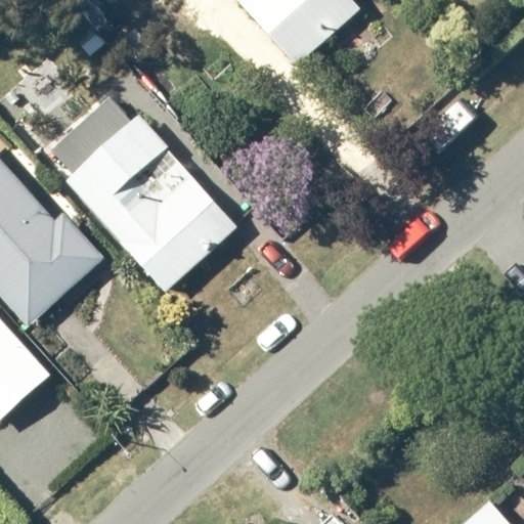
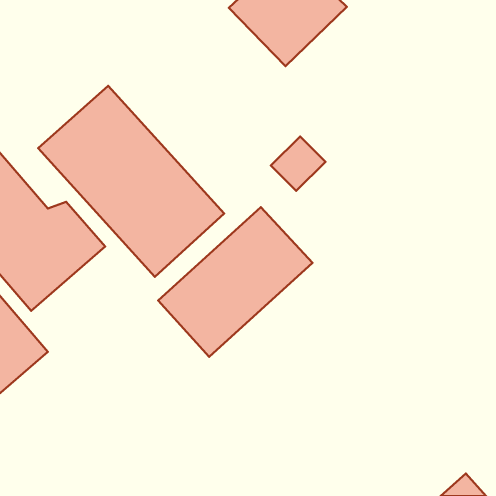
building: none -> [158,207,313,357]

